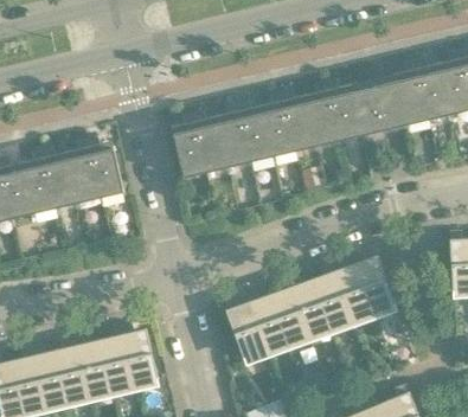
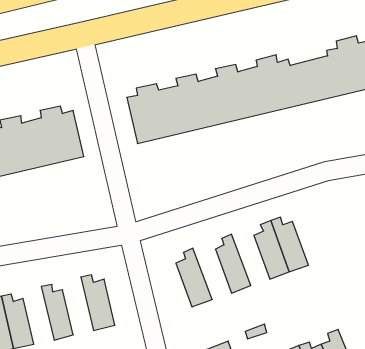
building: [355,252,396,317] -> none
building: [288,280,331,340] -> none
building: [245,295,288,355] -> none
building: [101,331,135,394] -> none
building: [57,341,91,405] -> none

